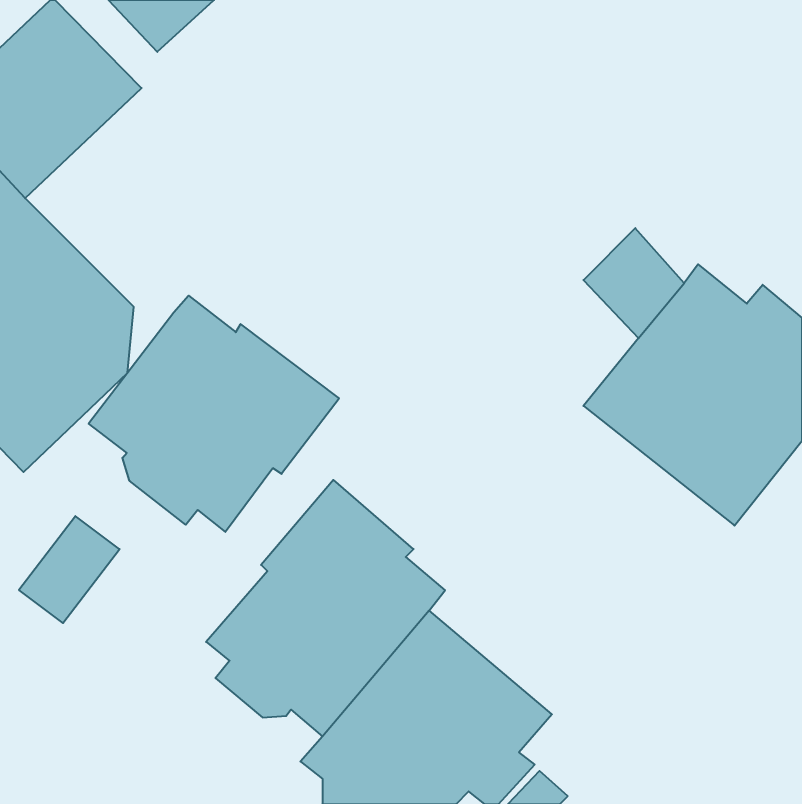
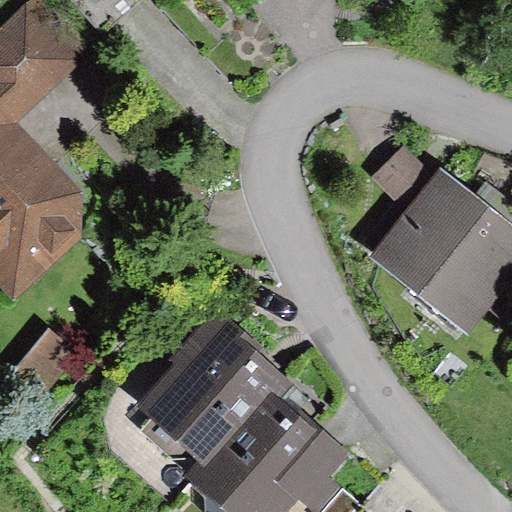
building: [89,296,339,532] -> none

